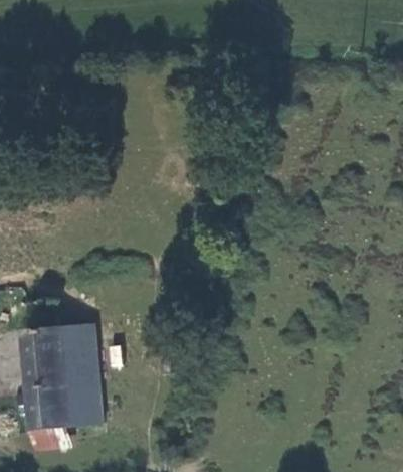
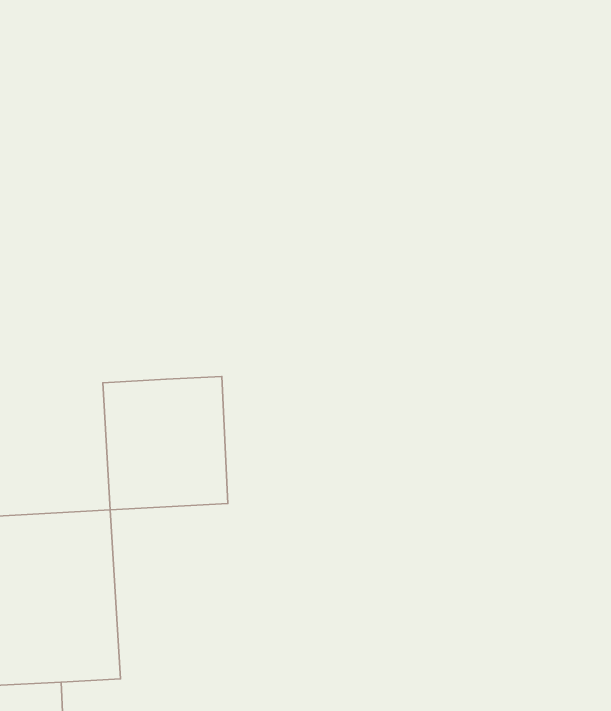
building: none -> [103,376,228,510]

